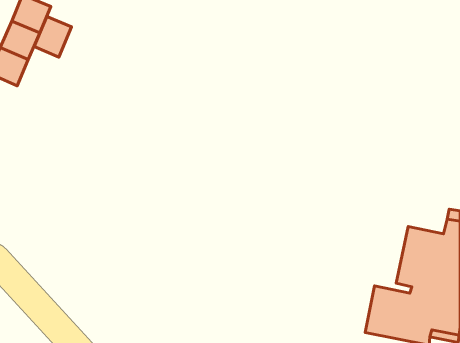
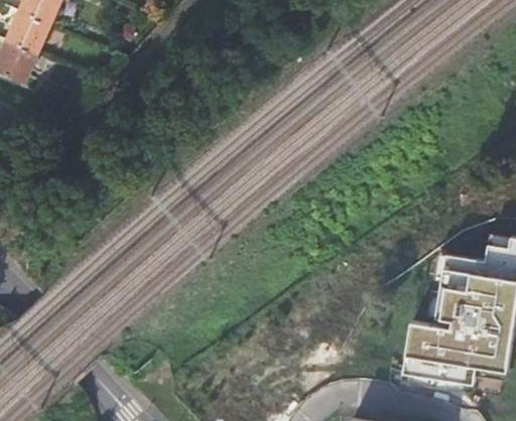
building: [34,16,71,57] -> none

